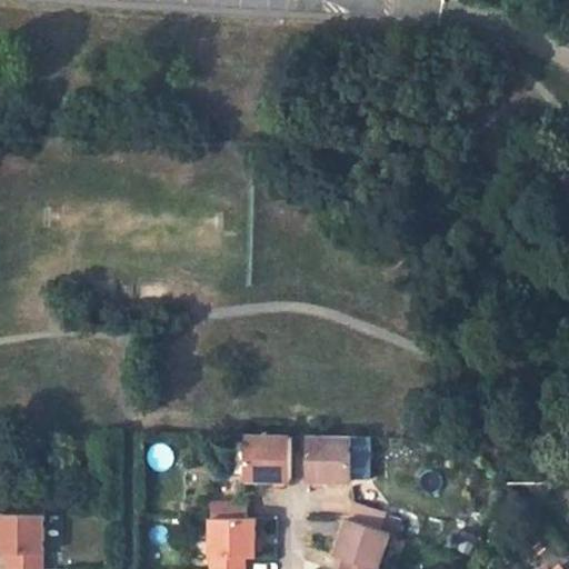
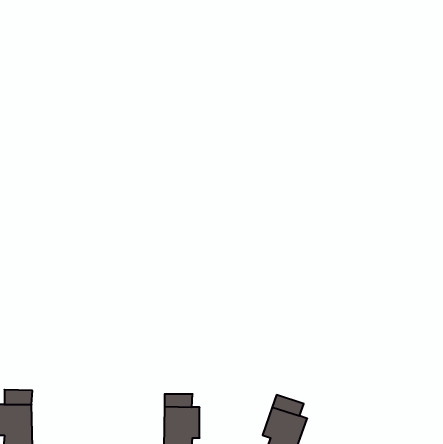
building: [244,439,289,482] -> none
building: [305,440,351,485] -> none

